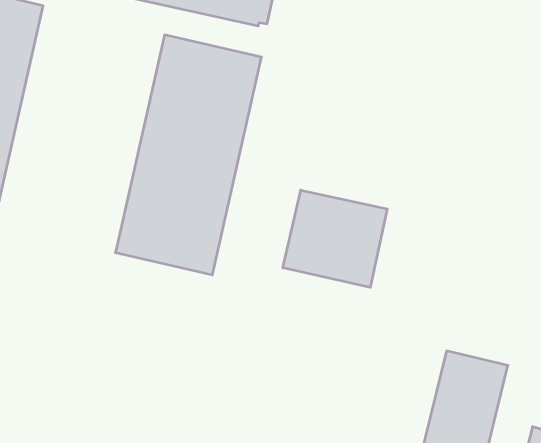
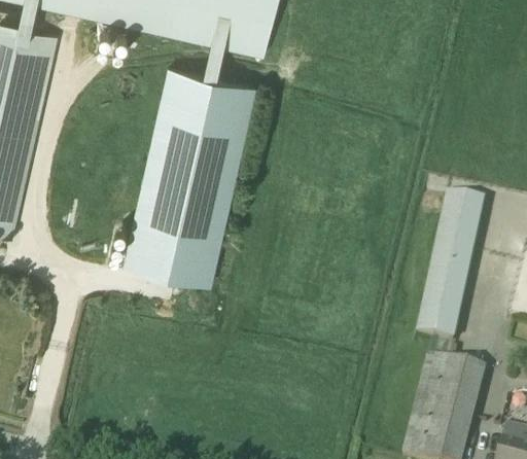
building: none -> [417,190,484,337]
building: [283,190,387,287] -> none

